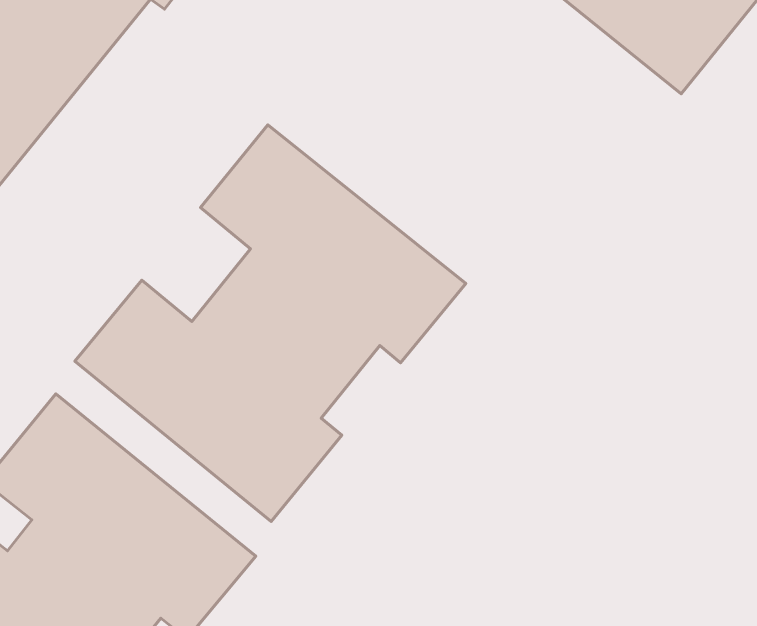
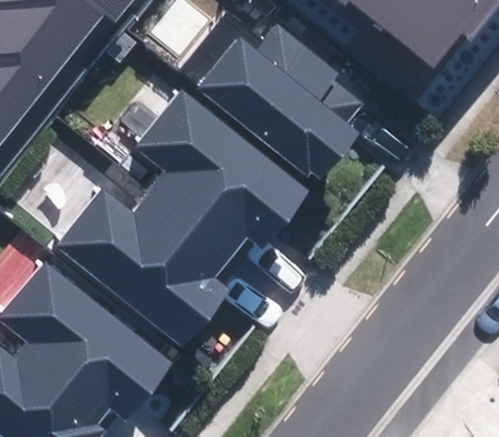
building: none -> [199,25,361,185]

